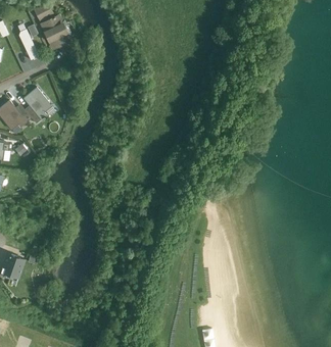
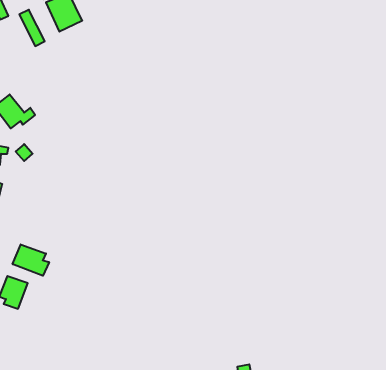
building: [22,87,51,122] -> none
building: none -> [13,244,49,276]

